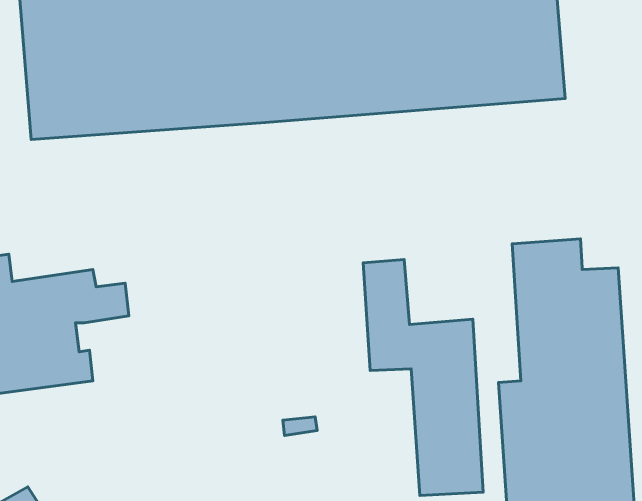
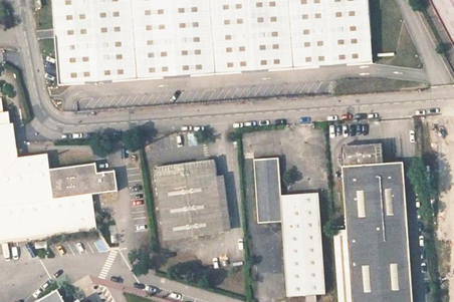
building: none -> [155,159,224,239]

